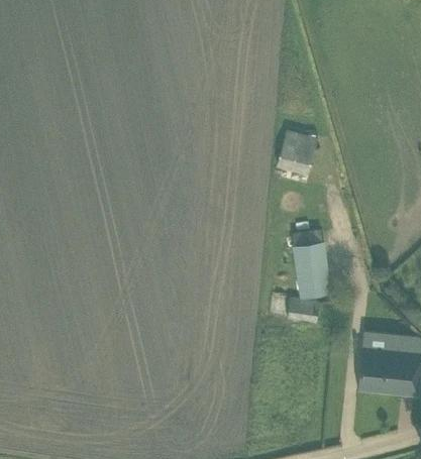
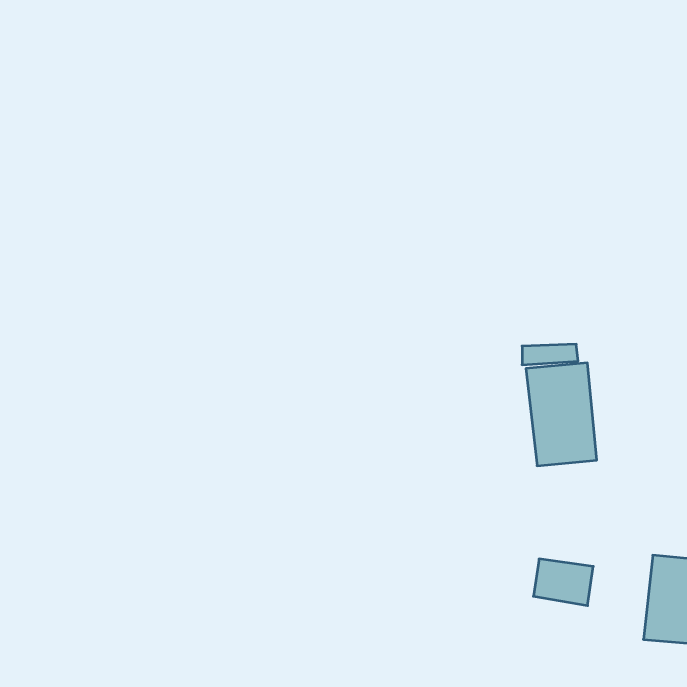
building: [277,129,317,174] -> none
building: [286,297,318,322] -> [533,559,593,606]

